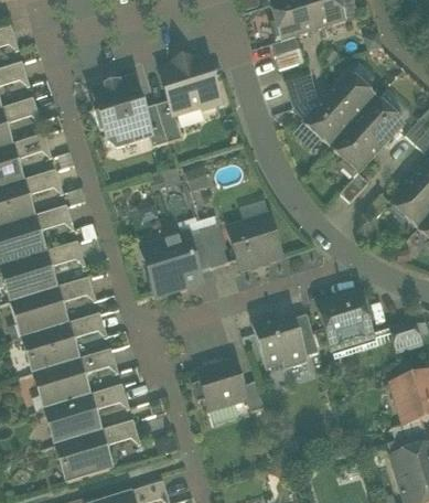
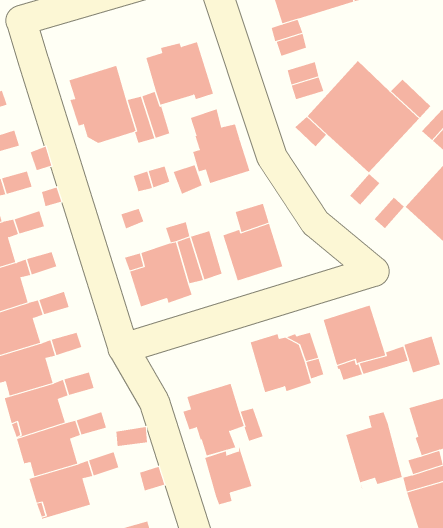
building: none -> [190,108,250,184]
building: none -> [345,412,402,489]
building: none -> [204,447,252,505]

